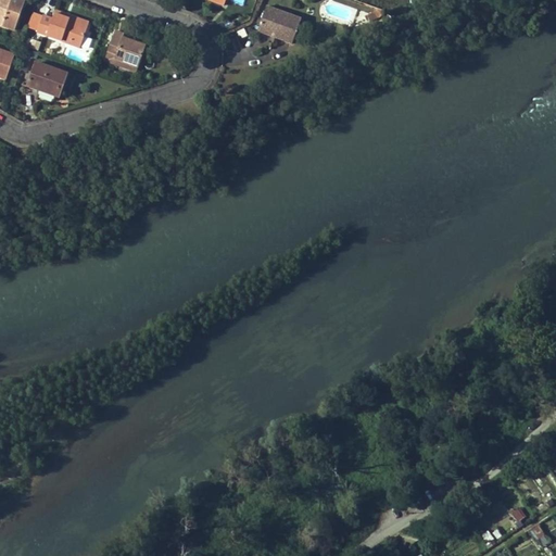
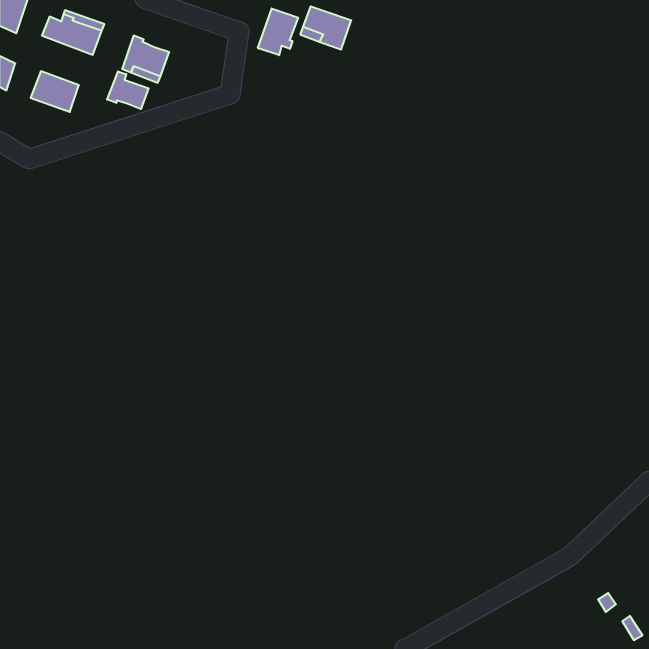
building: none -> [258,8,298,55]
building: none -> [107,71,149,109]

